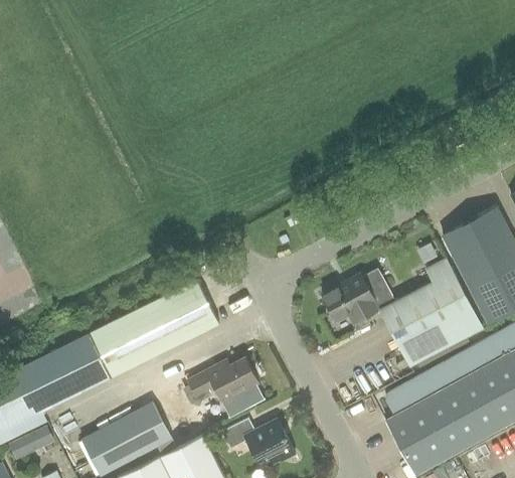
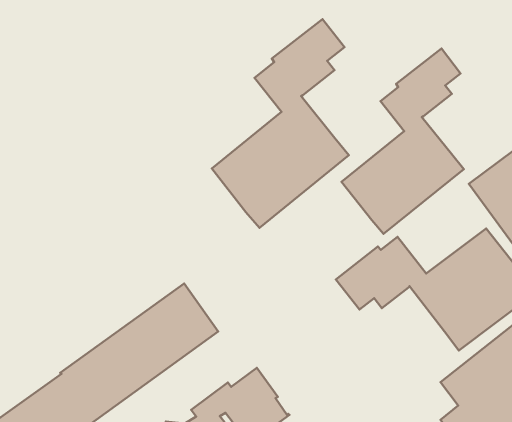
building: none -> [212,19,349,228]
building: none -> [342,49,464,234]

